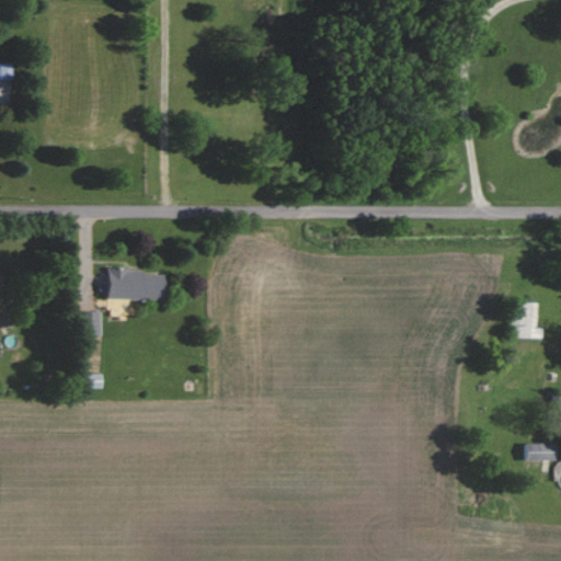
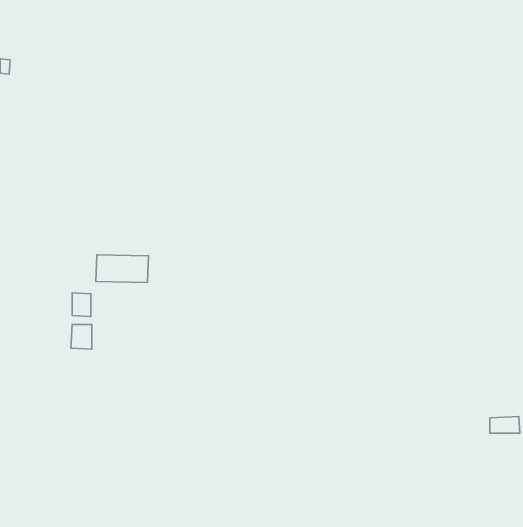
building: [516,302,543,339] -> none
building: none -> [71,324,92,349]

